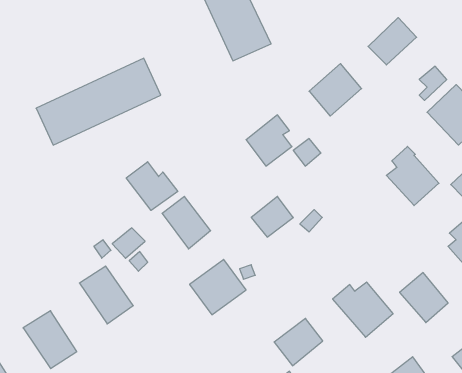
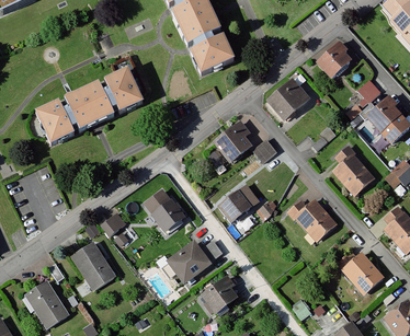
building: [126,162,178,210] -> none
building: [333,282,393,337] -> [286,196,337,242]
building: [274,318,323,366] -> [200,274,240,313]

